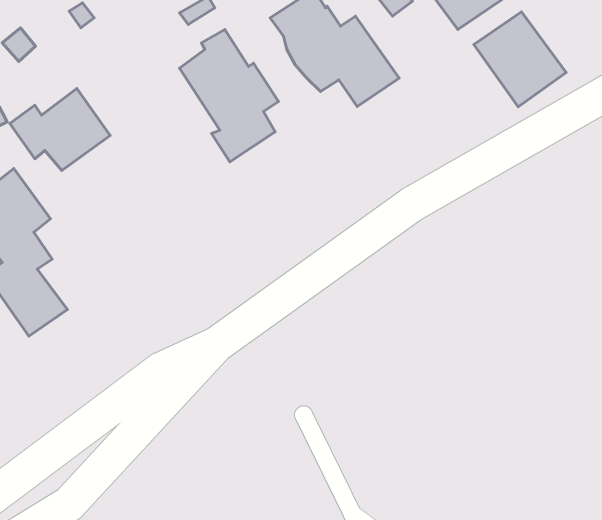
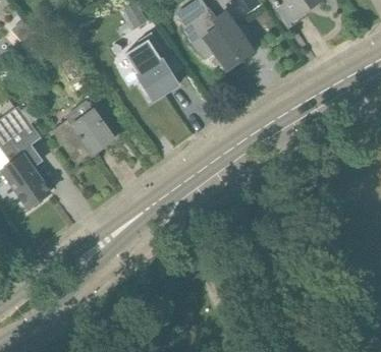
building: [474,12,566,107] -> none
building: [10,88,110,171] -> [53,109,114,159]

